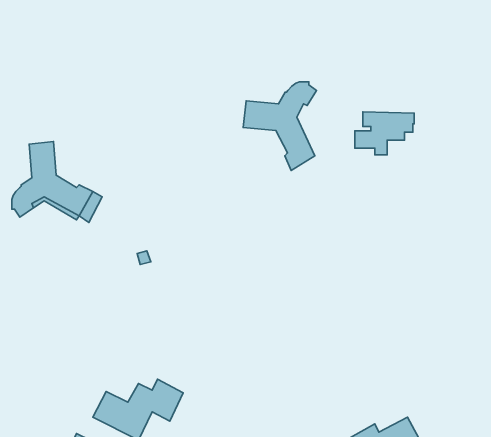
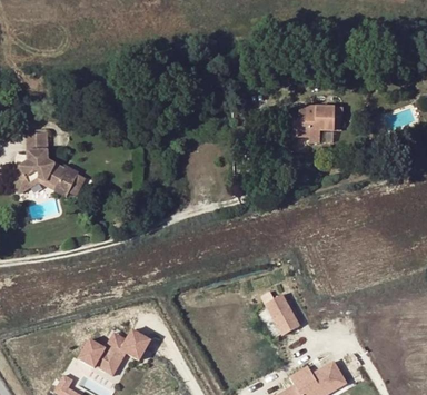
building: [243,82,316,170] -> none
building: none -> [265,292,301,335]

